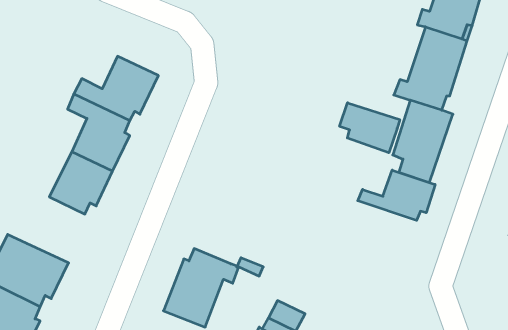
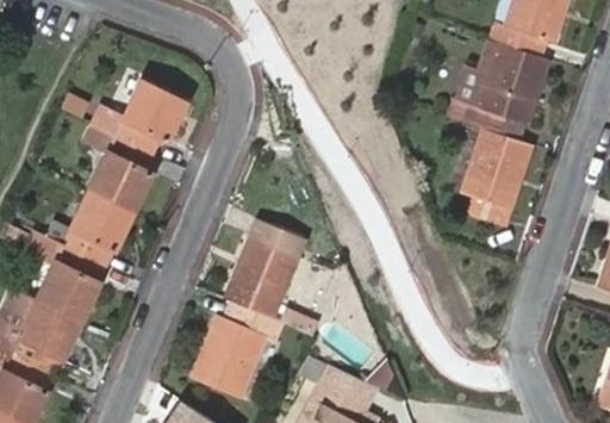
building: [340,103,400,153] -> none
building: [358,170,435,220] -> none
building: none -> [222,220,303,321]
building: none -> [19,228,101,319]

